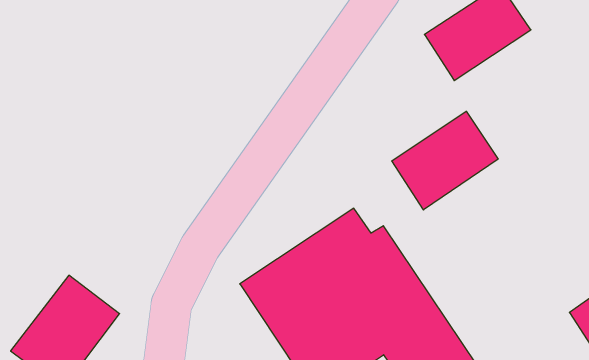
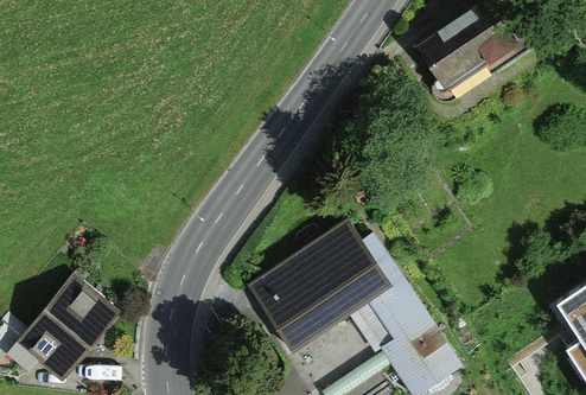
building: [392,111,498,210] -> none

